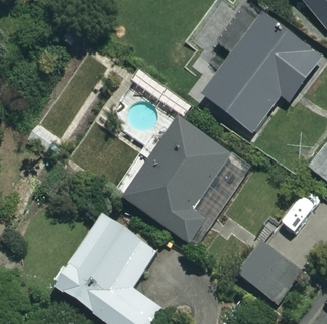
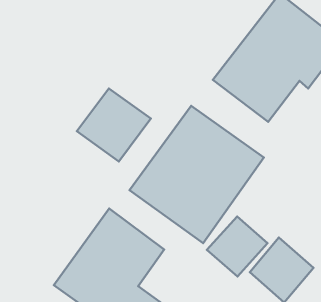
building: none -> [77,88,151,161]
building: none -> [207,216,268,276]

